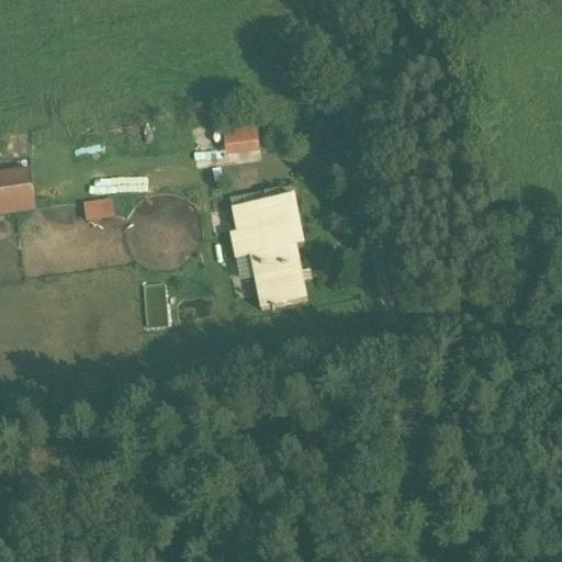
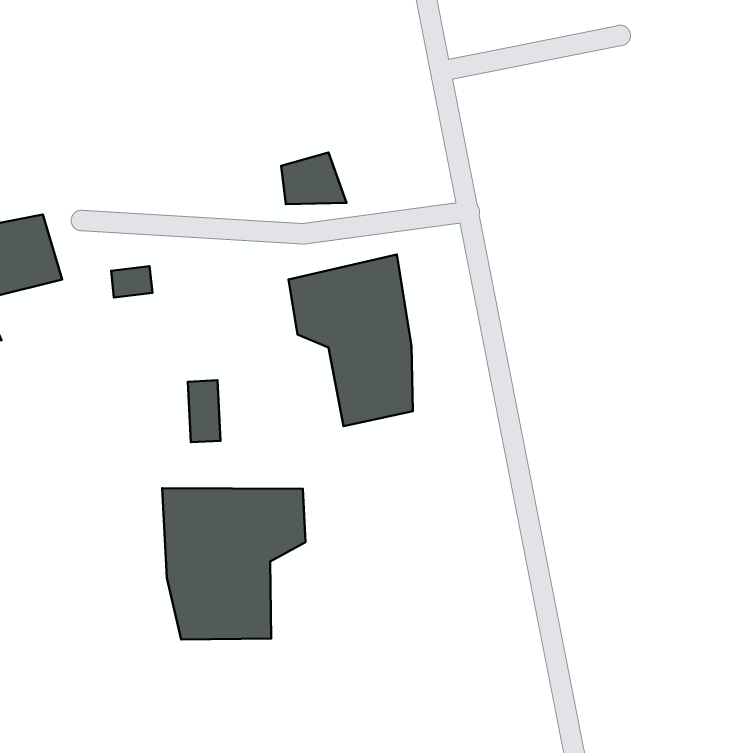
building: none -> [162,488,305,639]

